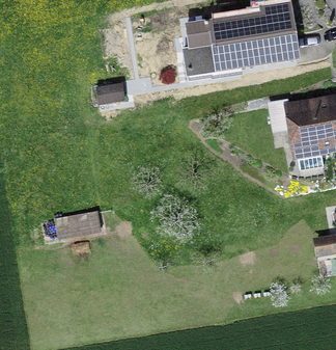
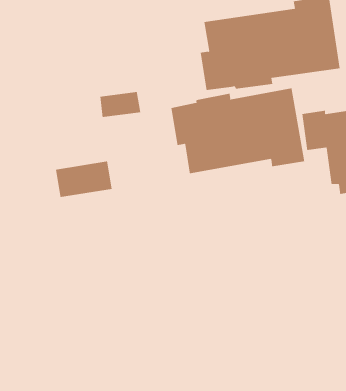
building: none -> [171,87,305,174]
building: [54,209,103,240] -> [55,161,113,198]

